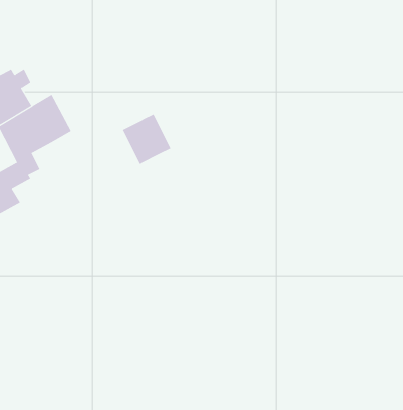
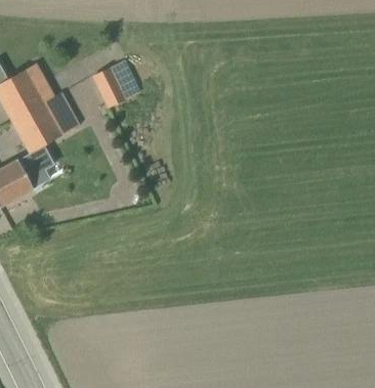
building: [122,114,171,165] -> [92,62,136,107]

